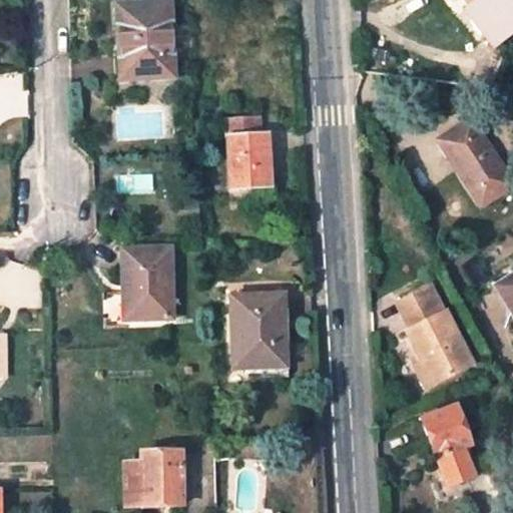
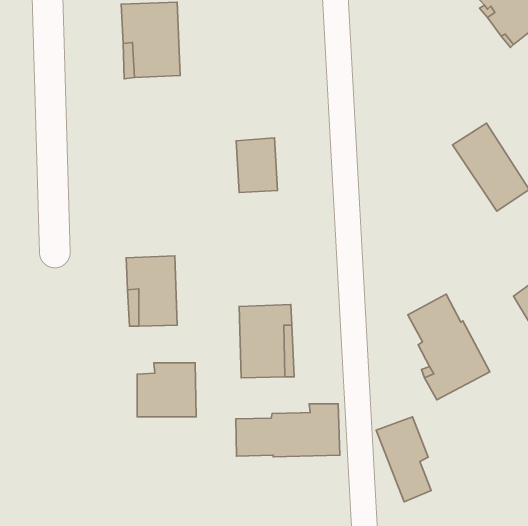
building: none -> [236,404,340,457]
building: [422,405,475,487] -> [376,417,431,502]
building: [125,450,182,502] -> [137,363,196,417]

